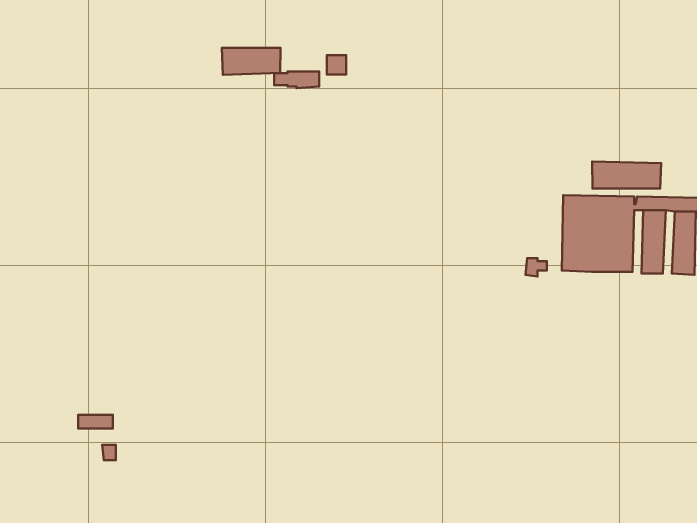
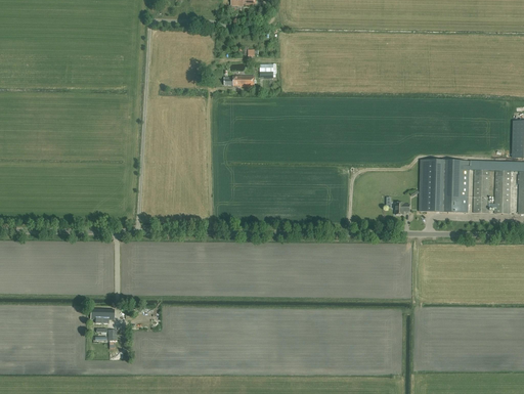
building: [222,48,280,75] -> none
building: [592,161,661,189] -> none

